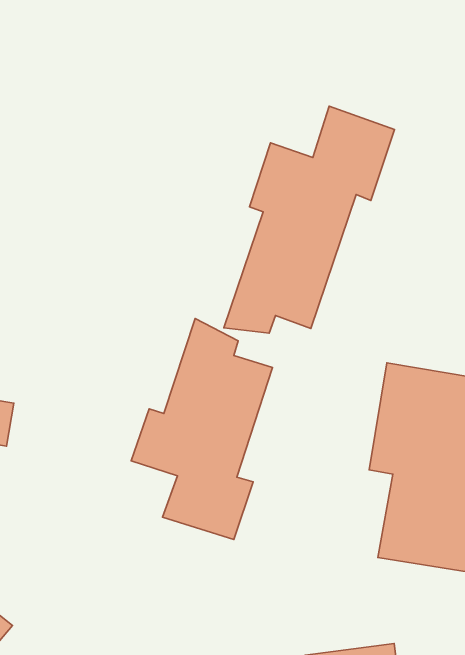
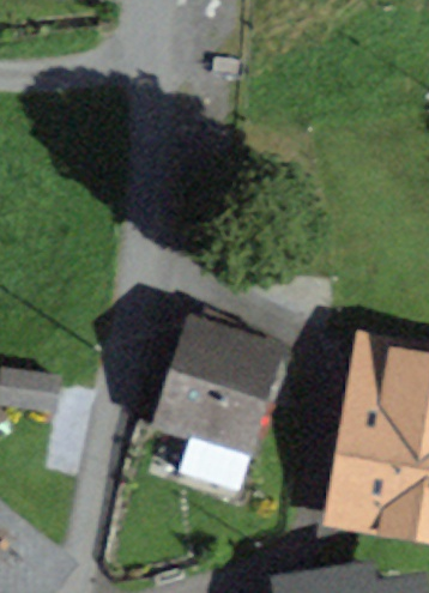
building: [224,106,394,333] -> none

